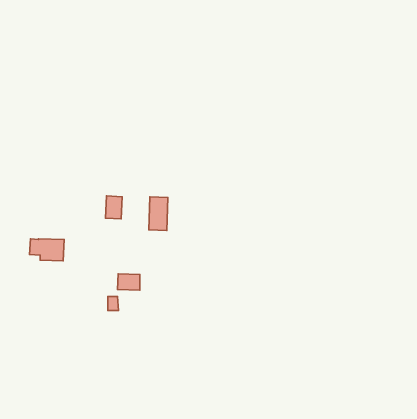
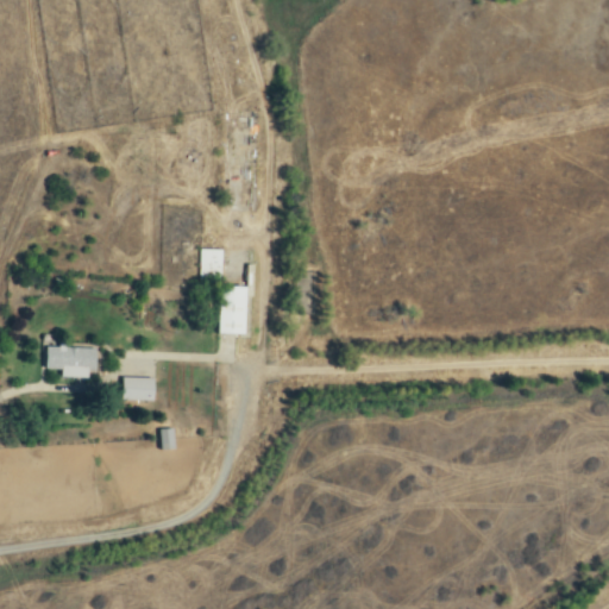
building: [106,196,122,219] -> [201,247,225,281]
building: [117,274,140,290] -> [124,376,156,400]

